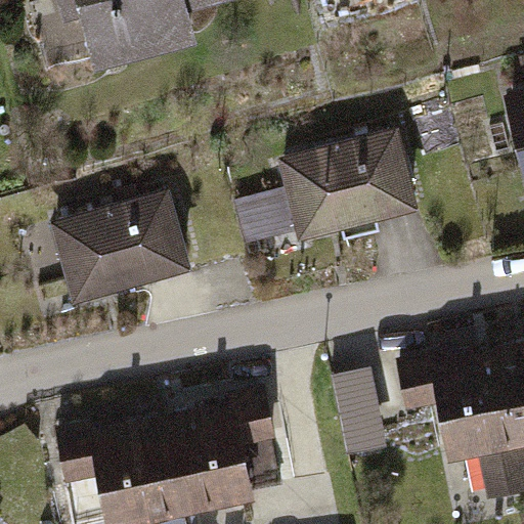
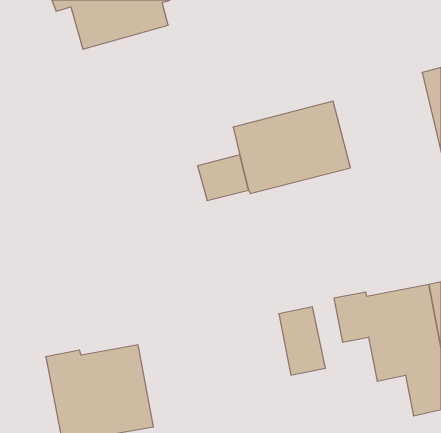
building: [52,190,192,301] -> none
building: [164,390,287,516] -> none

